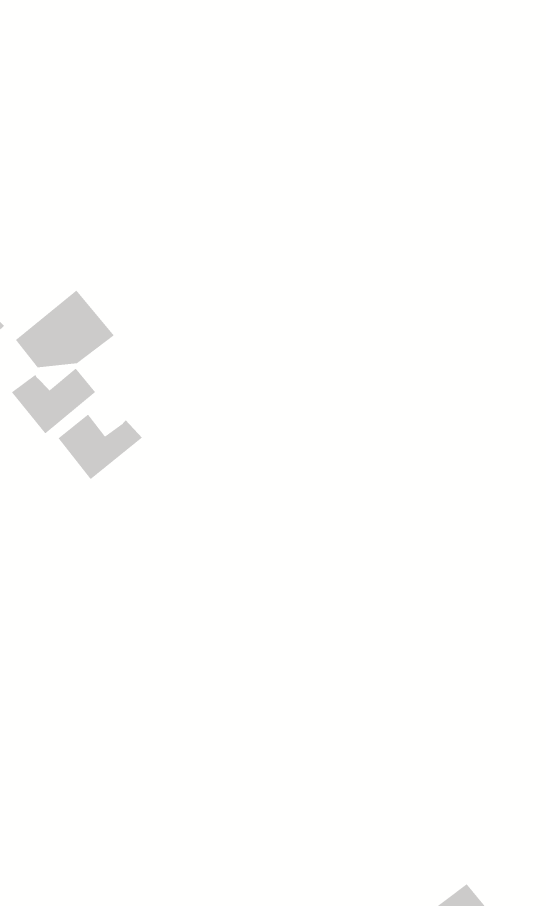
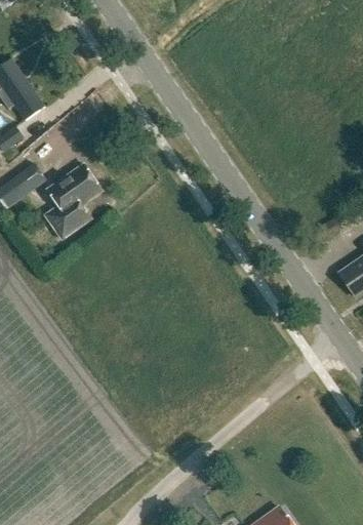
building: [58,413,143,480] -> none

